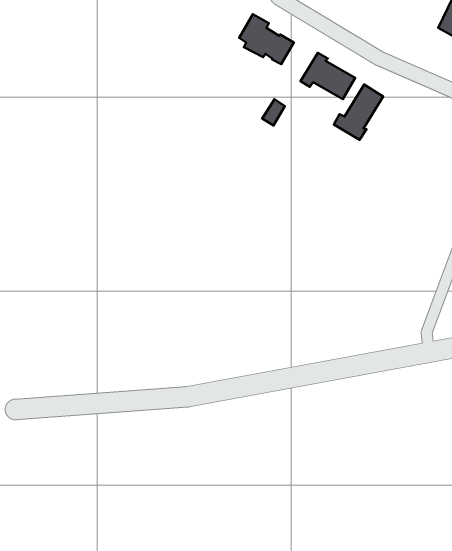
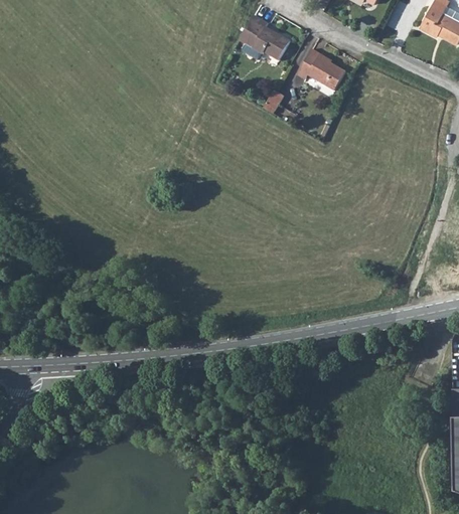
building: [334,84,383,140] -> none

